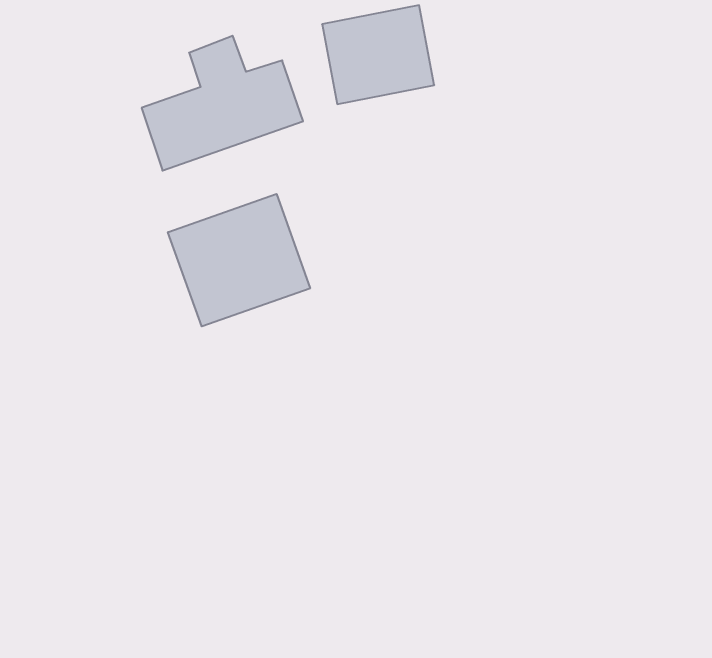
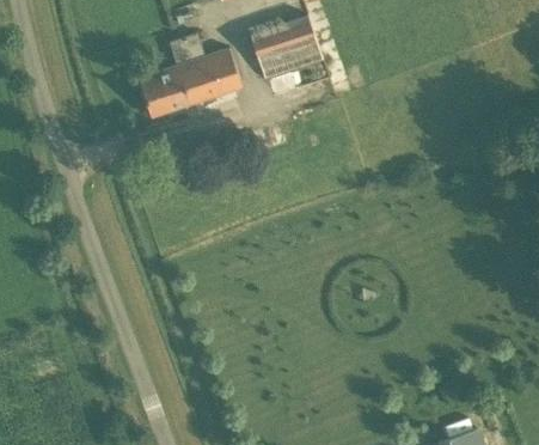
building: [168,194,310,326] -> none

